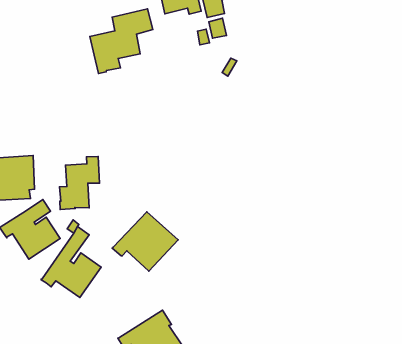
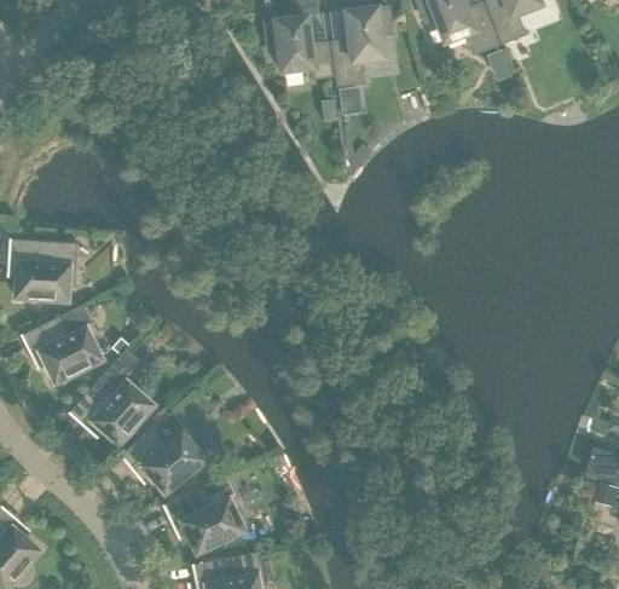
building: [90,9,153,74] -> none
building: [59,157,100,209] -> none
building: [112,212,178,271] -> [120,412,210,493]

